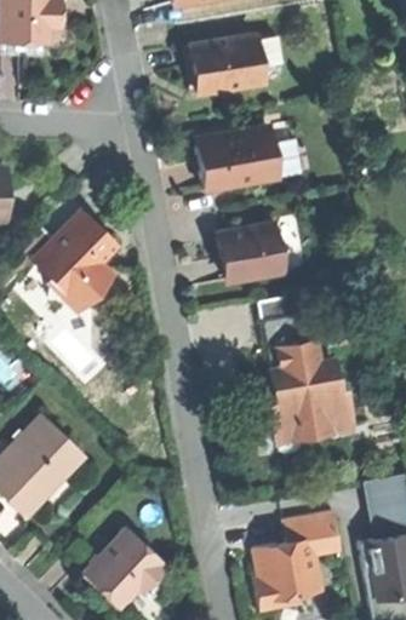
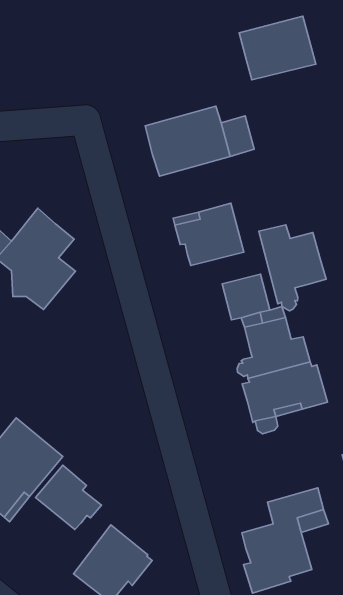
building: [190,35,263,93] -> [239,16,316,80]
building: none -> [259,225,326,311]
building: none -> [36,465,101,530]

